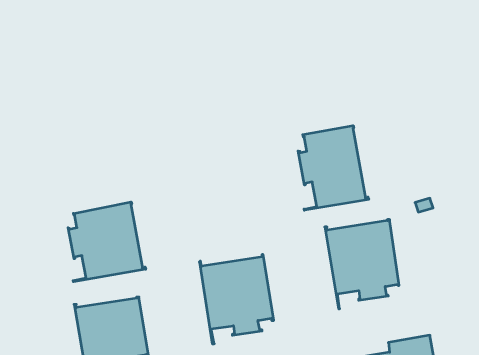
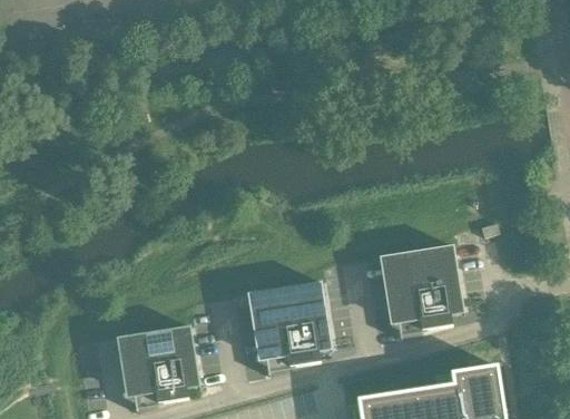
building: [298,126,369,210] -> none
building: [68,202,146,282] -> none

